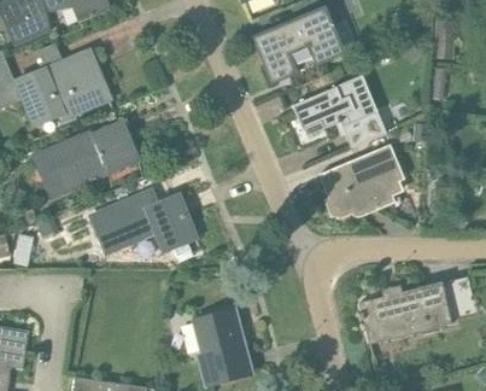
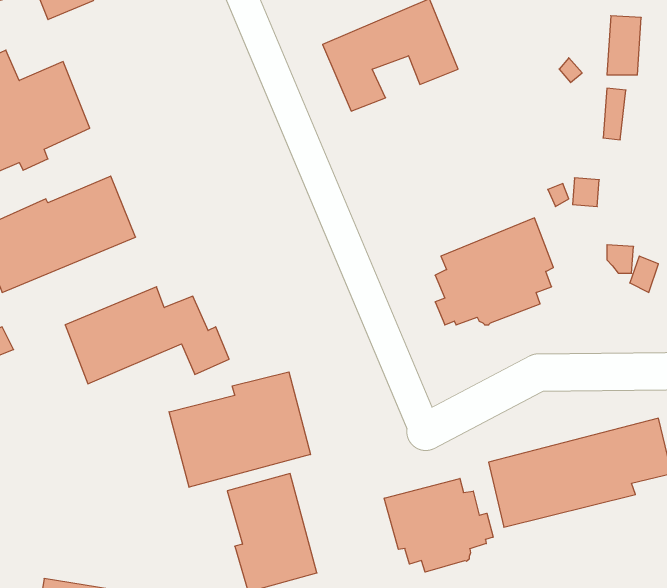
building: [292,75,387,147] -> none
building: none -> [169,372,310,487]
building: none -> [384,478,493,572]

